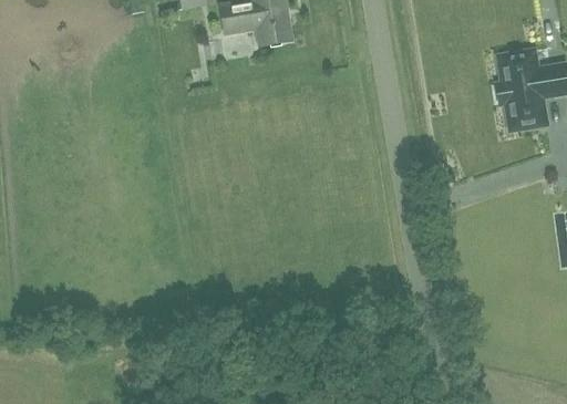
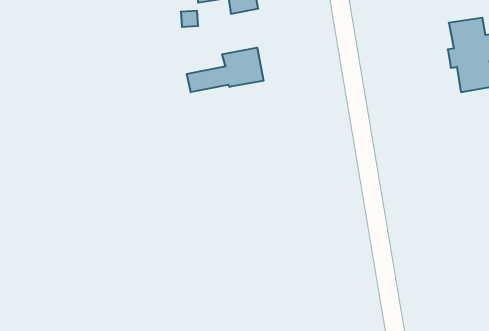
building: none -> [187,48,264,92]

